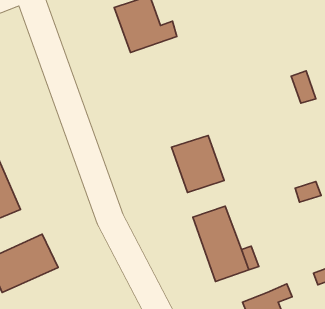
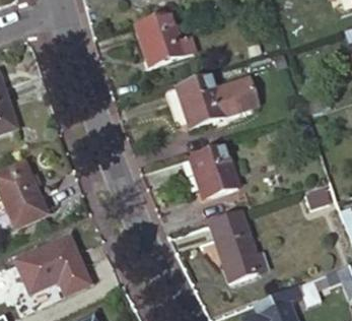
building: none -> [175,72,259,126]

